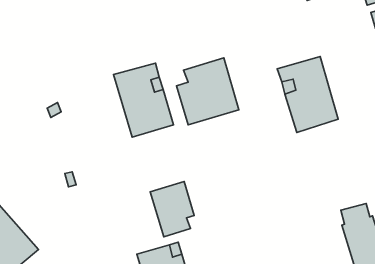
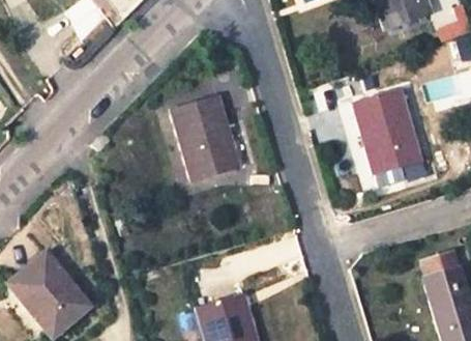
building: [177,58,239,125] -> none
building: [150,182,194,237] -> none

